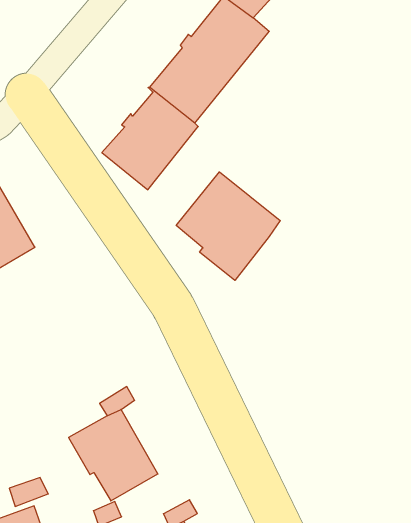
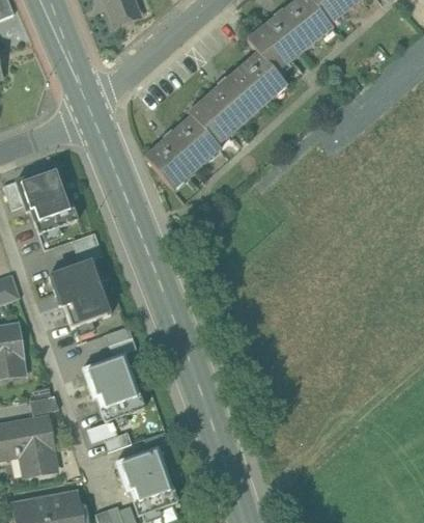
building: [176,172,280,280] -> none
building: none -> [51,253,113,327]

